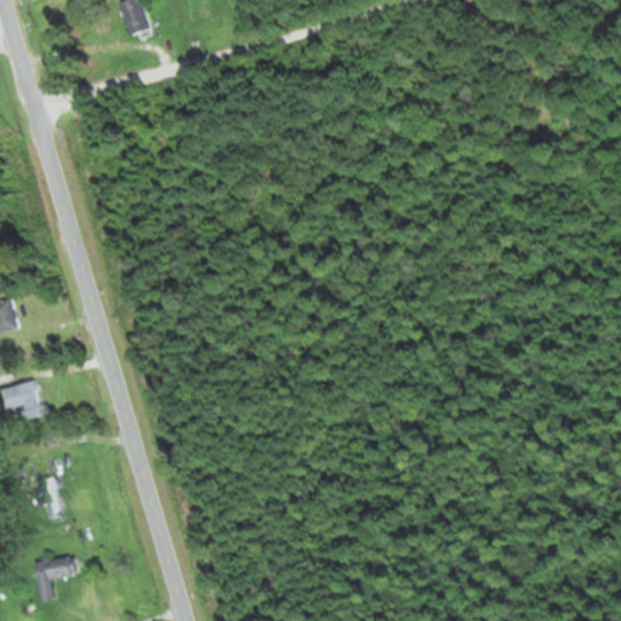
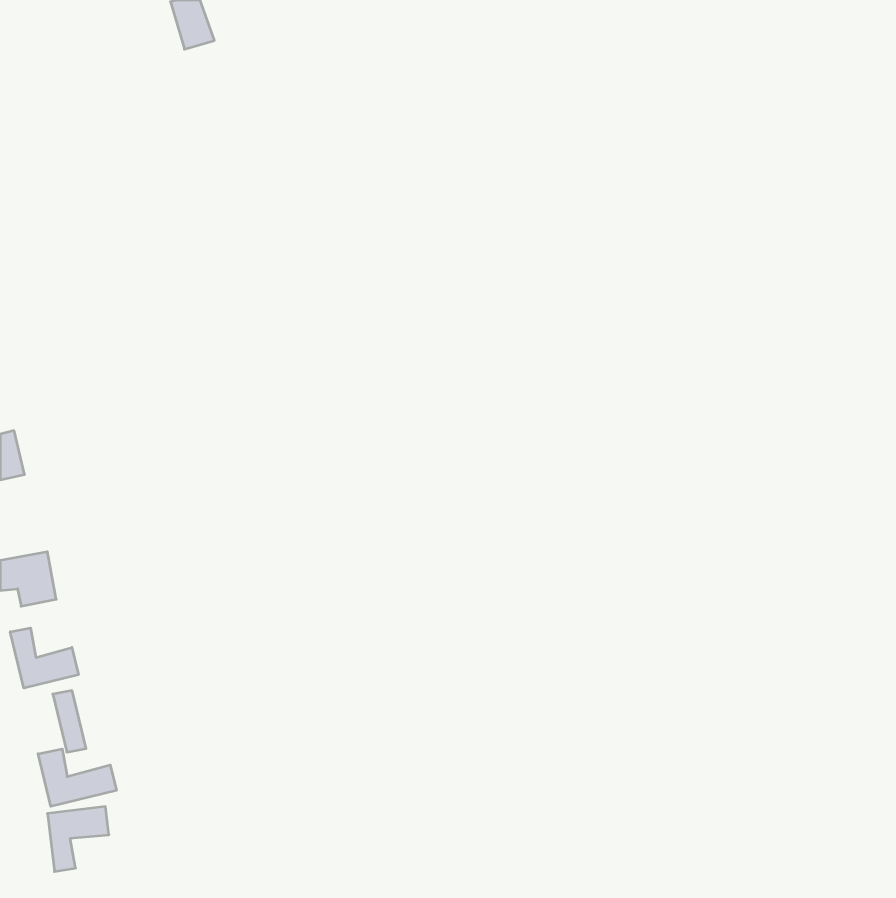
building: none -> [10,628,78,688]
building: none -> [38,749,116,806]

